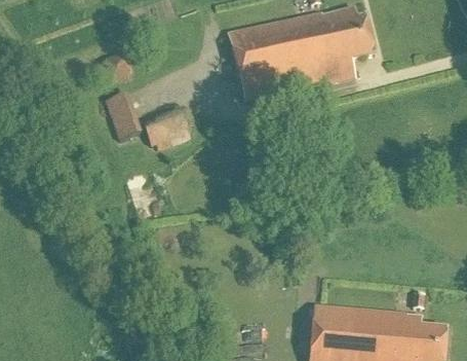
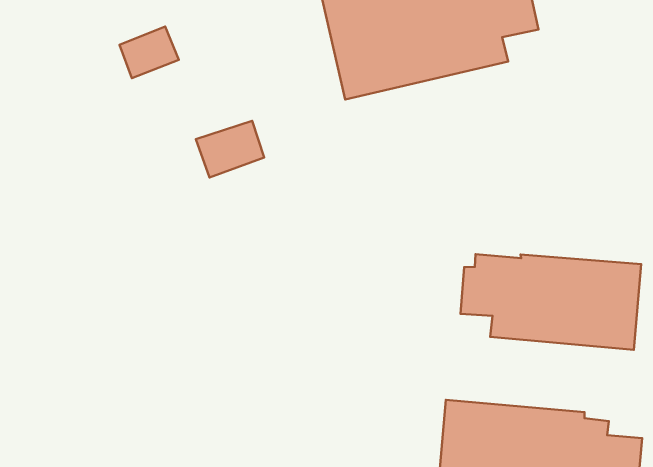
building: [106,92,143,140] -> none
building: none -> [460,254,641,350]

